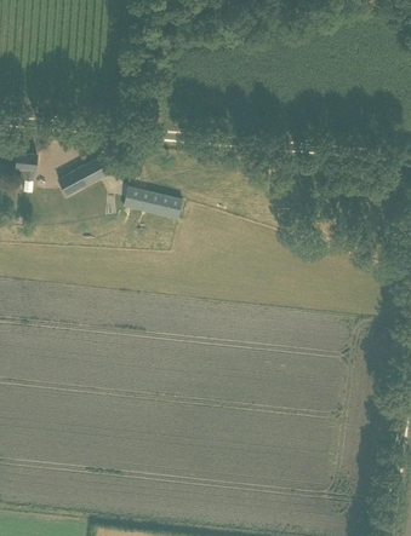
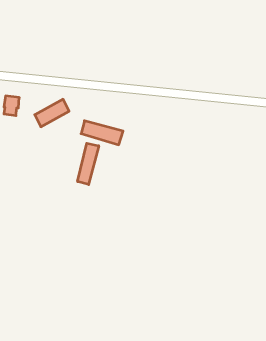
building: none -> [78,143,99,185]

